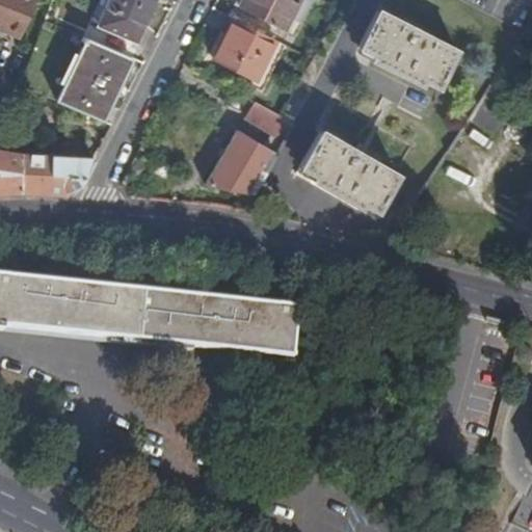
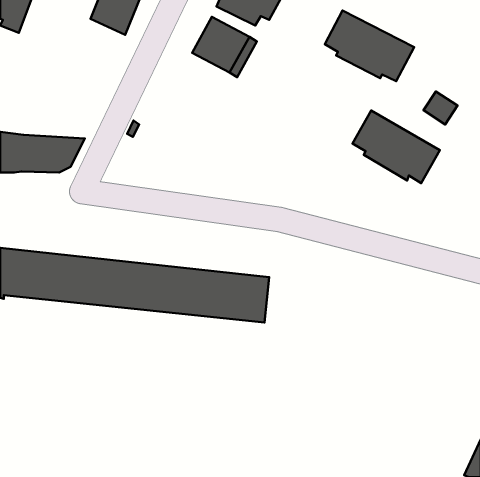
building: [58,34,135,118] -> none
building: [205,97,293,186] -> none
building: [300,130,397,210] -> [352,111,440,183]

